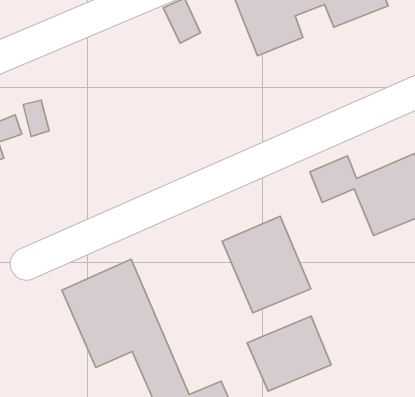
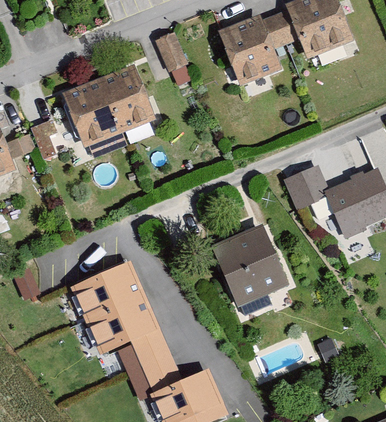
building: none -> [61,64,154,159]
building: [247,316,331,391] -> none

